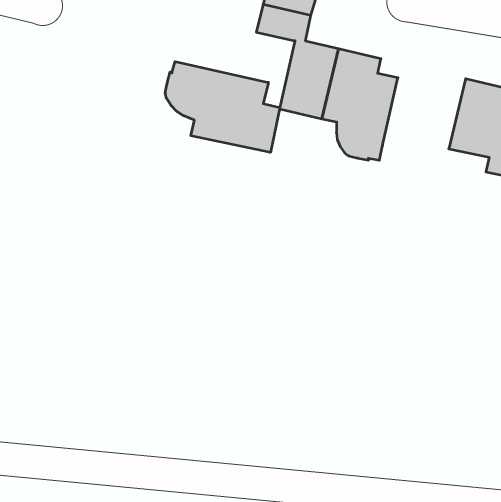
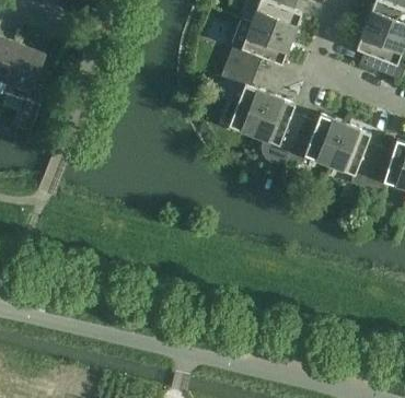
building: [165,62,280,152] -> none
building: none -> [289,114,346,165]

